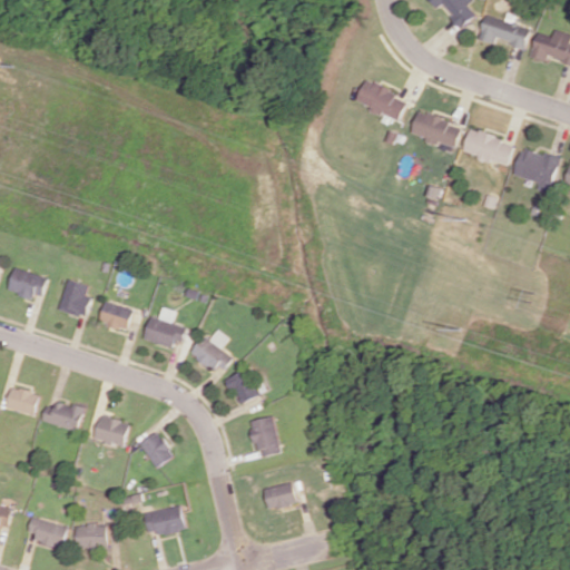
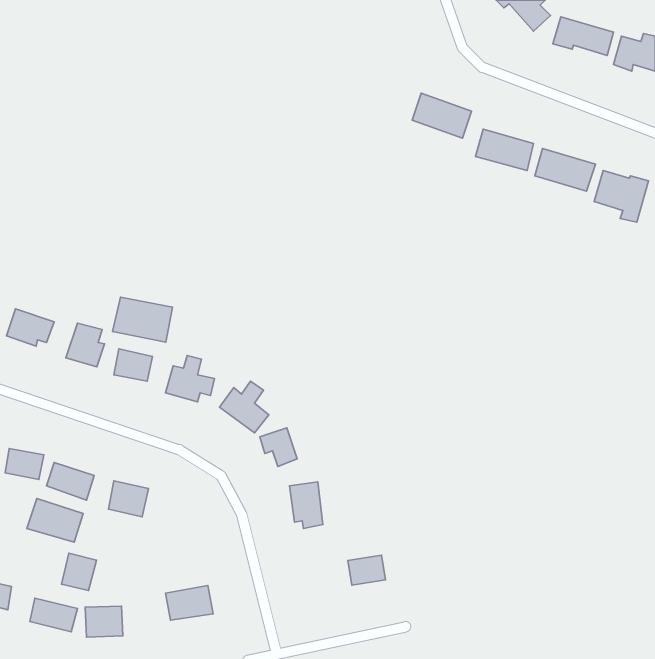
building: none -> [113,297,173,342]
building: none -> [27,498,83,542]
building: [138,431,173,468] -> none
building: none -> [62,553,97,590]
building: [264,483,296,509] -> [348,555,385,585]

